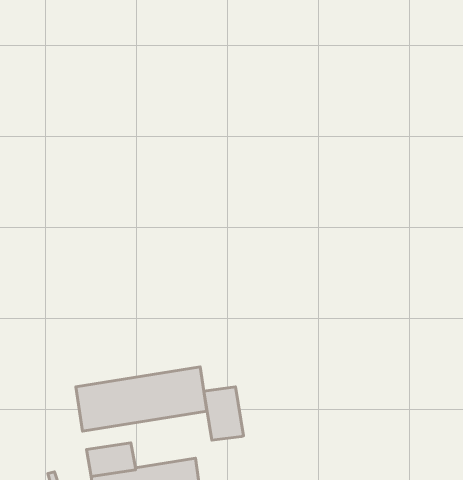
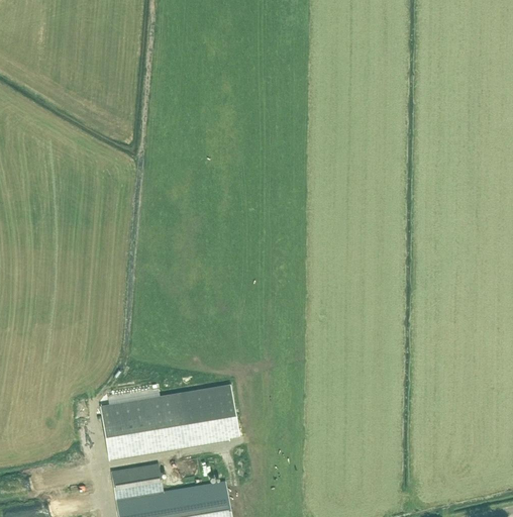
building: [204,387,244,440] -> none

